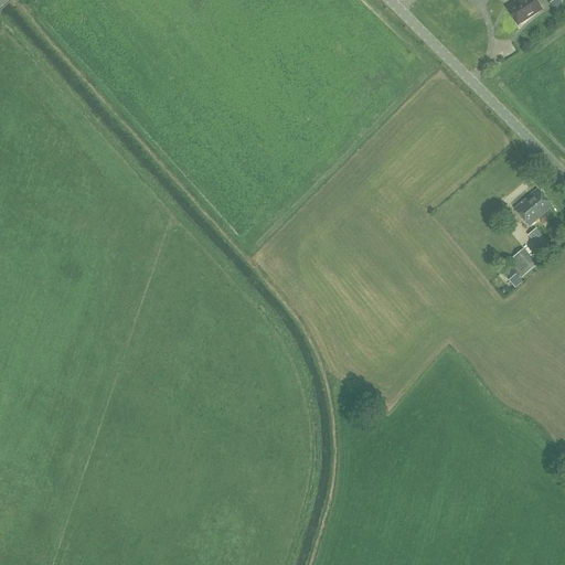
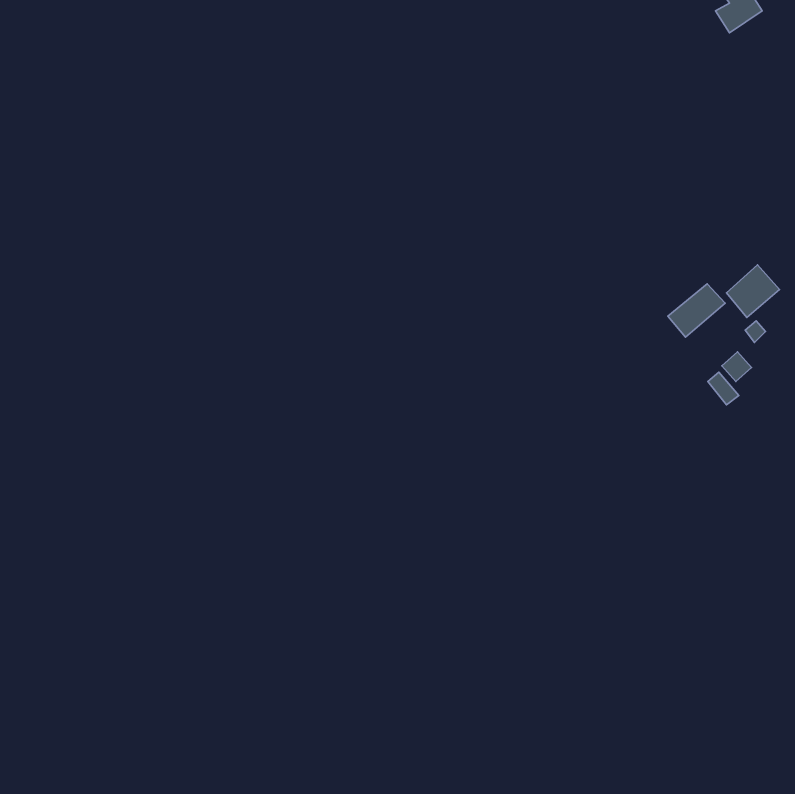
building: none -> [668,284,725,337]

